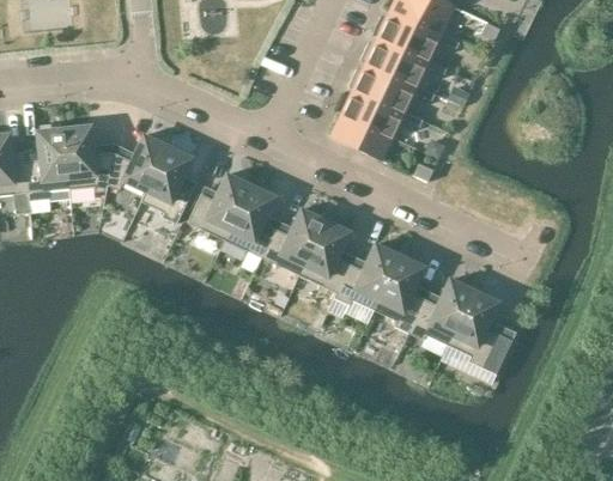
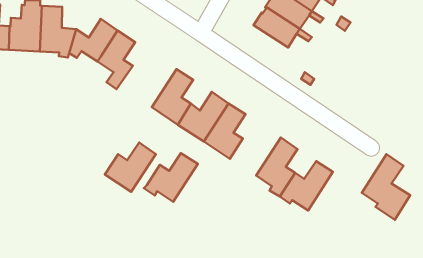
building: [333,112,393,158] -> none
building: [189,172,251,238] -> [105,142,156,192]
building: [334,243,400,308] -> [144,153,198,202]
building: [449,288,512,372] -> [362,154,410,220]

